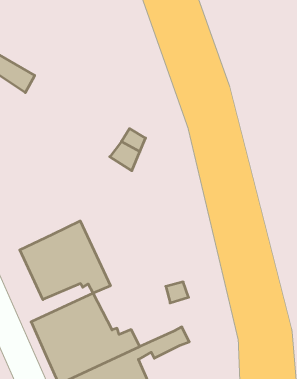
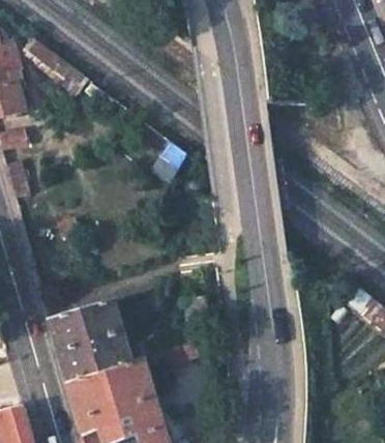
building: [20,221,110,300] -> none

